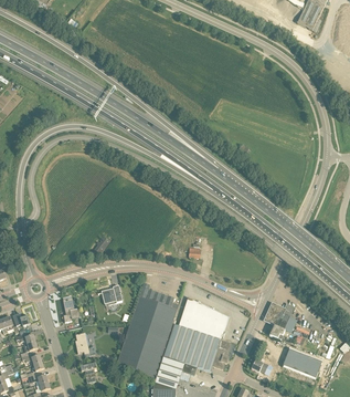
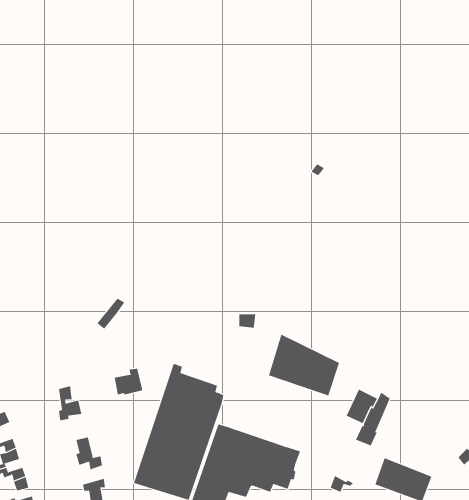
building: [178,296,227,339] -> [268,334,340,396]

